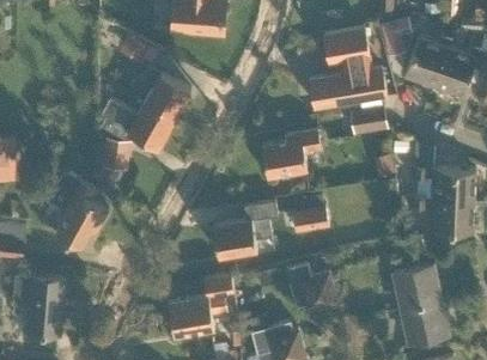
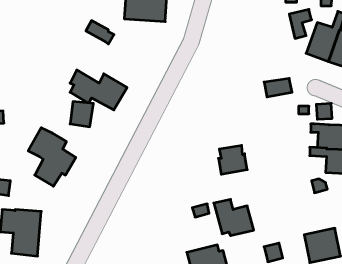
building: [310,31,386,111] -> none
building: [141,71,191,122] -> none
building: [262,132,322,178] -> none
building: [213,203,278,260] -> none
building: [394,267,442,311] -> none
building: [169,277,237,338] -> none

